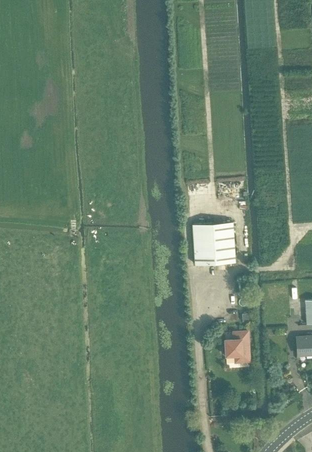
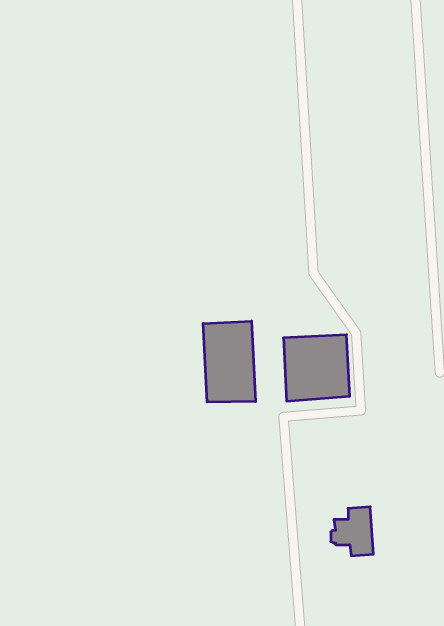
building: none -> [203,321,256,402]

